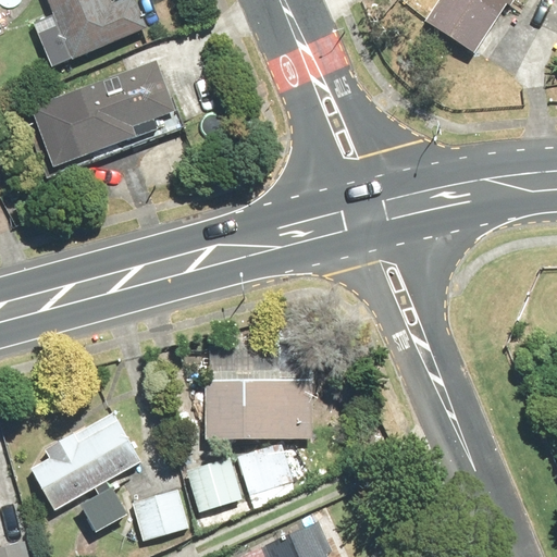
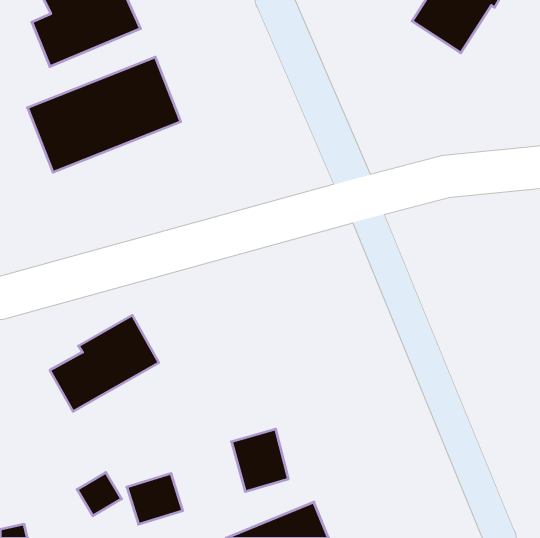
building: [203,344,314,438] -> none
building: [29,410,141,509] -> [50,315,159,411]
building: [186,455,242,511] -> none

